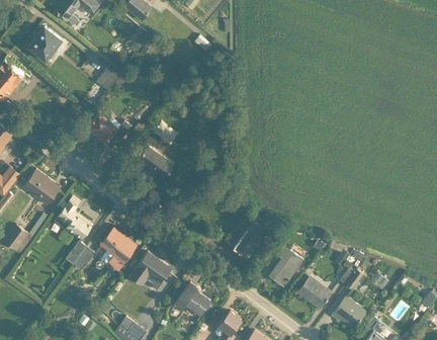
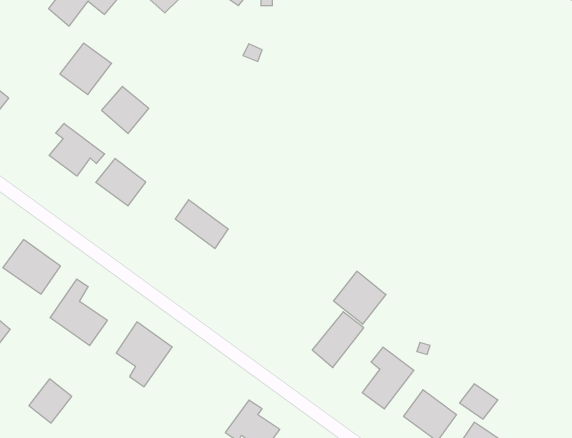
building: [28,27,64,63] -> [60,43,112,95]
building: none -> [49,123,105,176]
building: none -> [334,271,386,324]
building: [59,241,88,271] -> [29,379,72,423]
building: [129,249,173,286] -> none

